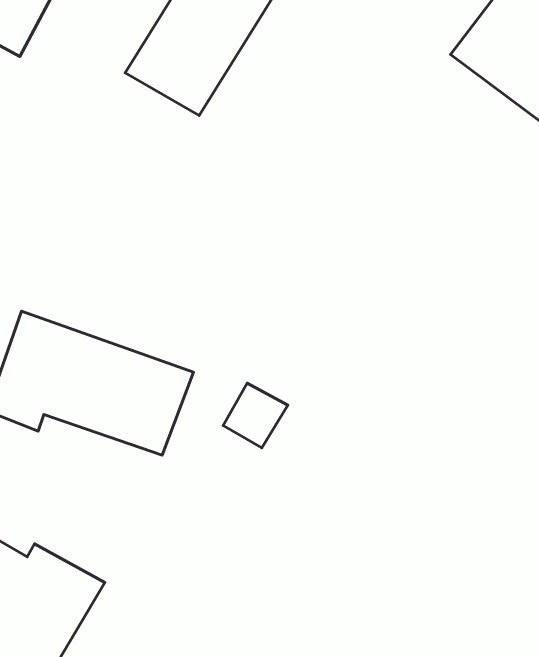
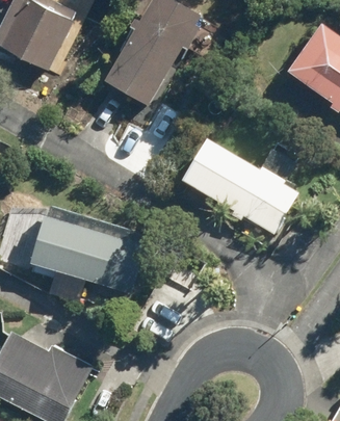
building: none -> [182,137,297,234]

